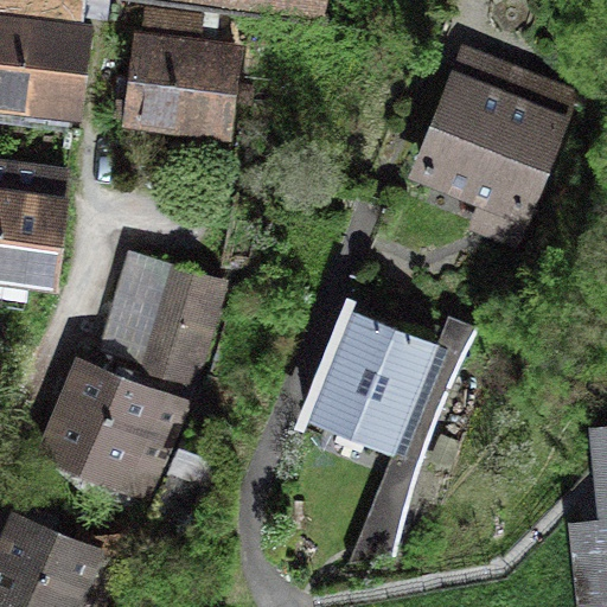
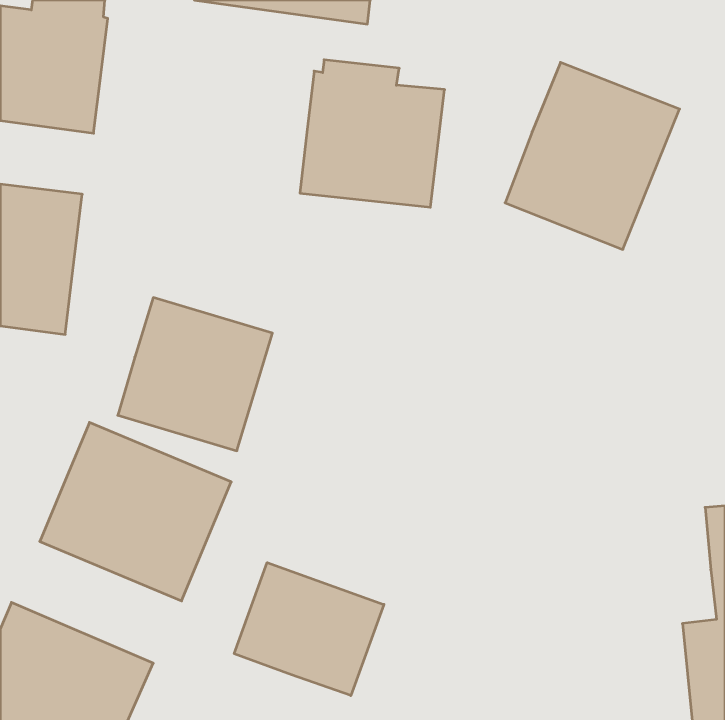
building: [122,17,243,140] -> [300,60,445,207]
building: [309,312,478,566] -> none
building: none -> [234,563,384,696]

